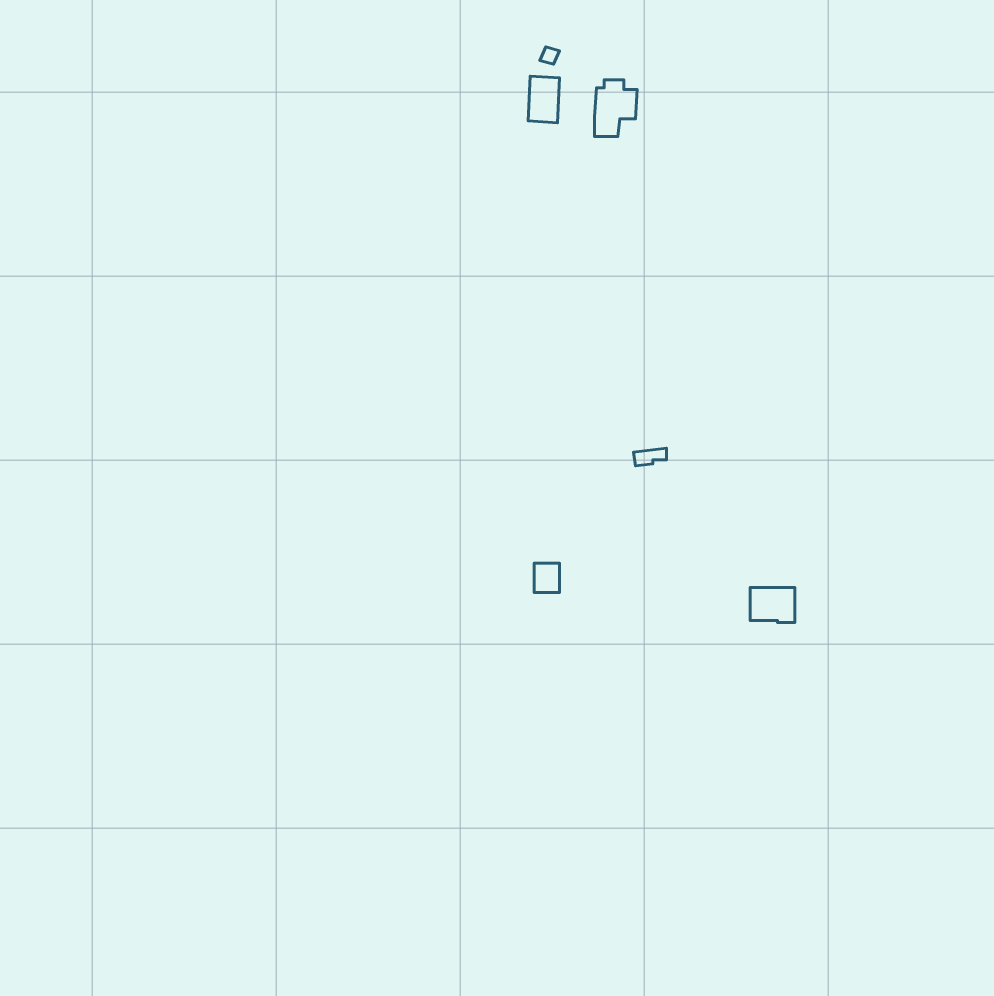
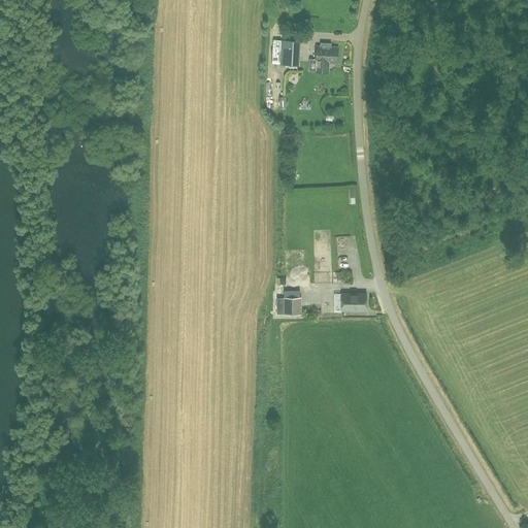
building: [750,588,795,623] -> [341,293,365,311]

